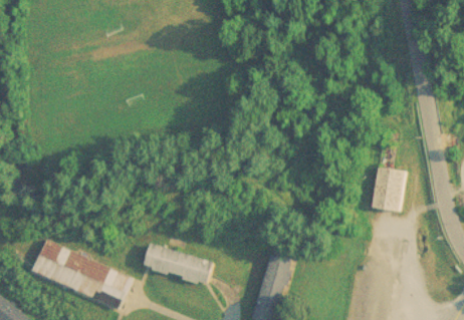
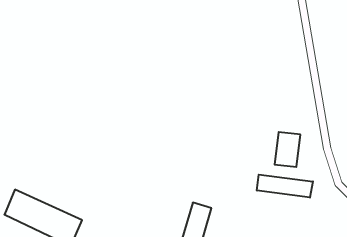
building: none -> [257,175,313,198]
building: [143,245,214,285] -> none

